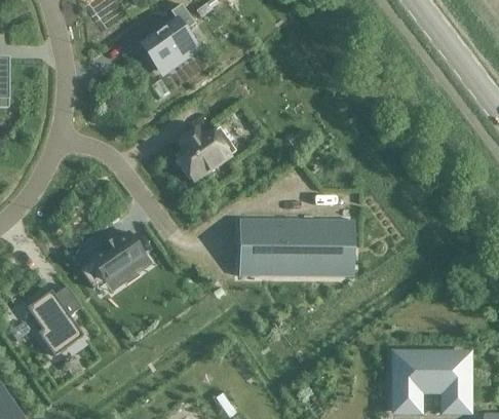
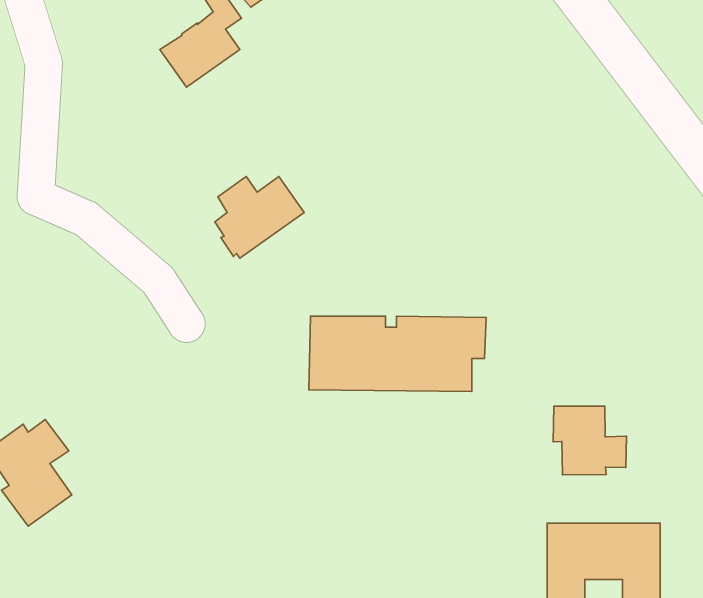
building: [79,232,145,290] -> none
building: none -> [553,406,627,475]

